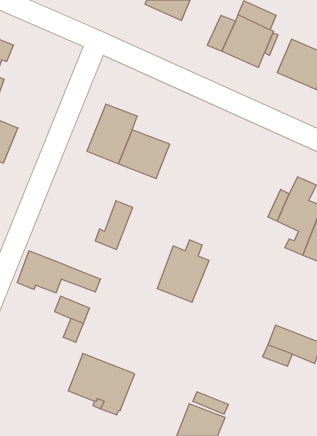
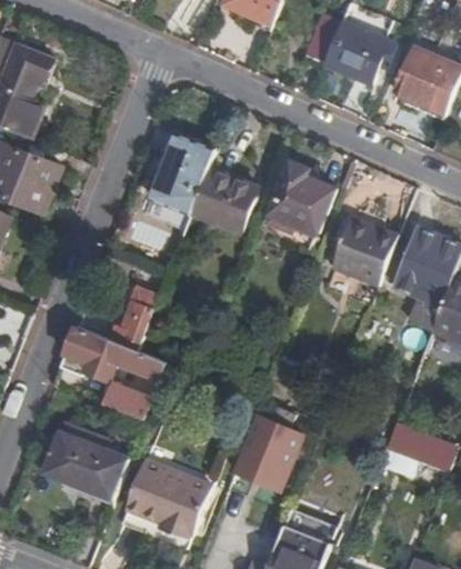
building: none -> [267,162,334,233]
building: none -> [330,217,397,287]
building: [95,201,133,249] -> [108,288,157,351]
building: [157,240,209,302] -> [232,408,300,489]
building: none -> [43,423,129,500]

